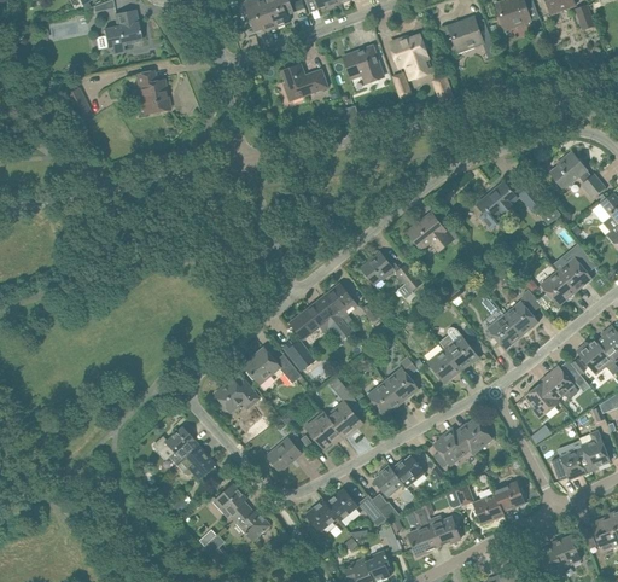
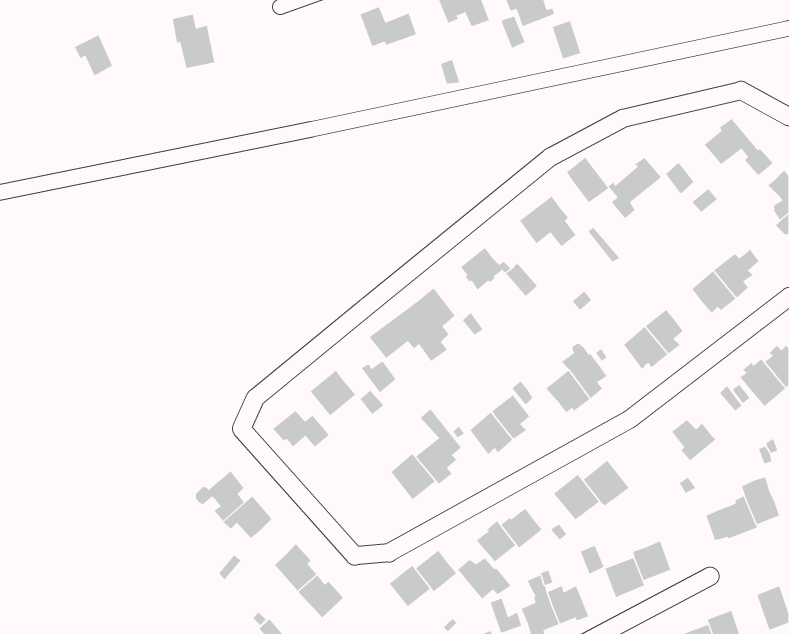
building: none -> [566,157,609,203]
building: [547,365,578,398] -> none
building: [267,436,302,471] -> none

